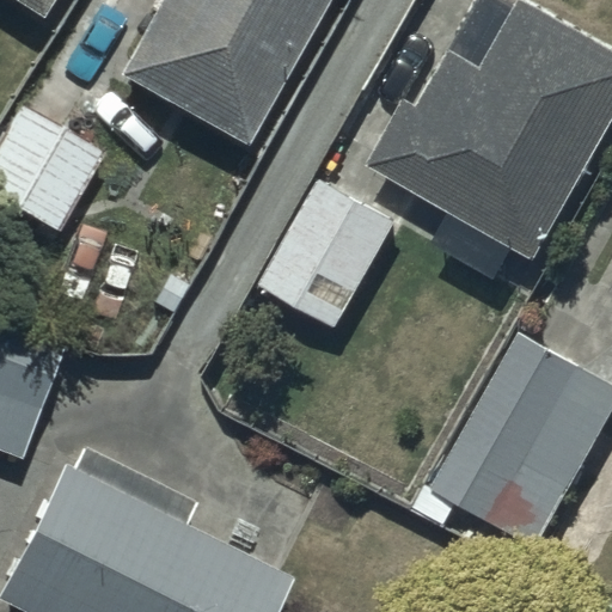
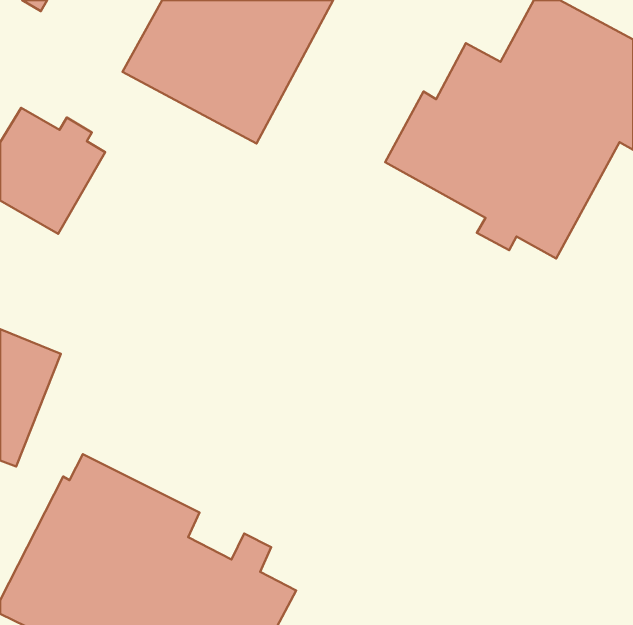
building: [261,176,398,325] -> none
building: [432,330,583,545] -> none

